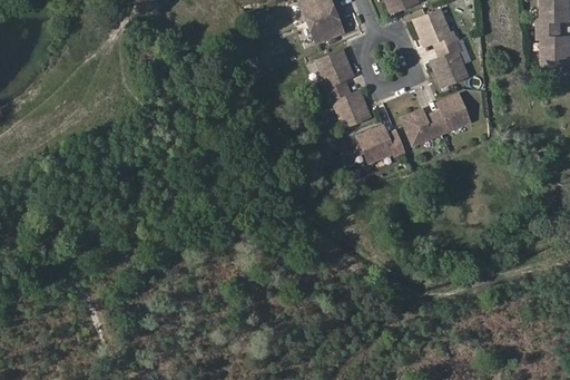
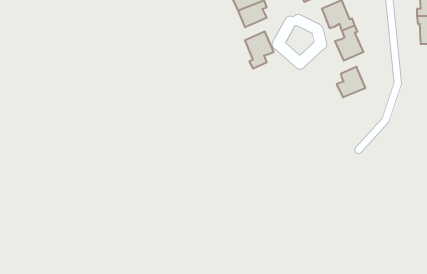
building: [326,88,370,126] -> none
building: [401,110,441,144] -> none
building: [357,125,403,162] -> none

